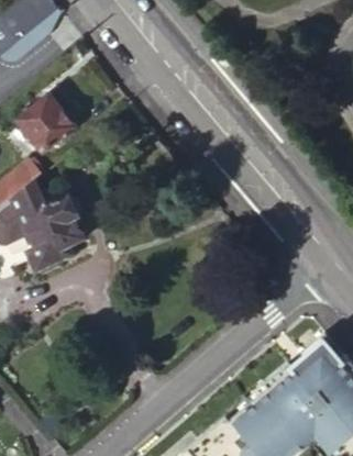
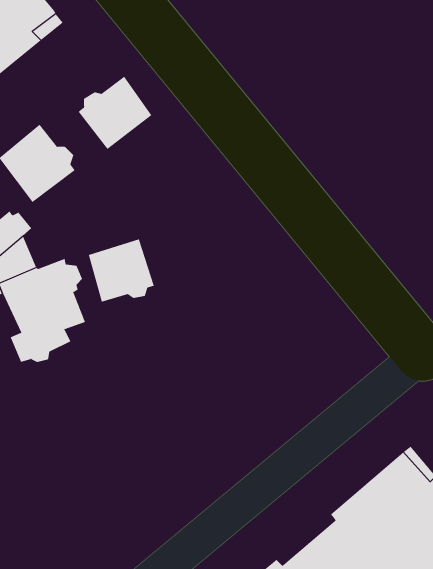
building: none -> [78,76,152,150]
building: none -> [88,238,155,303]

